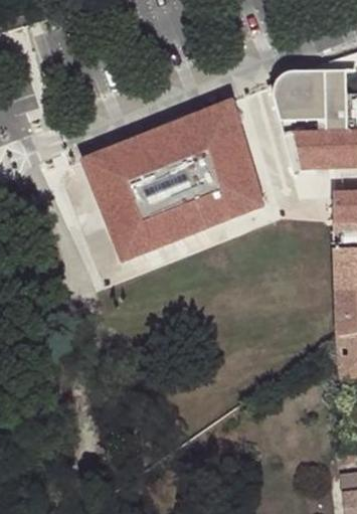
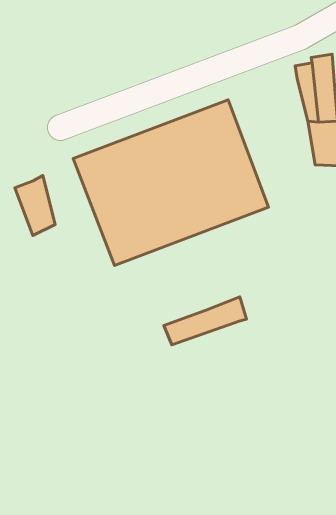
building: none -> [15,175,55,236]
building: none -> [164,297,246,345]

